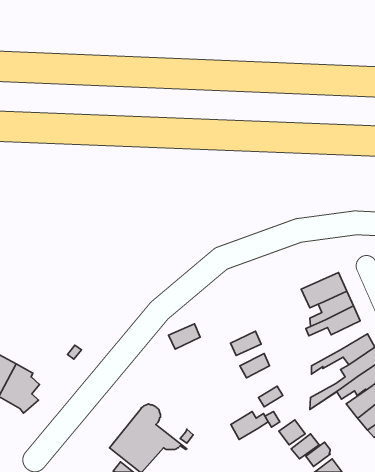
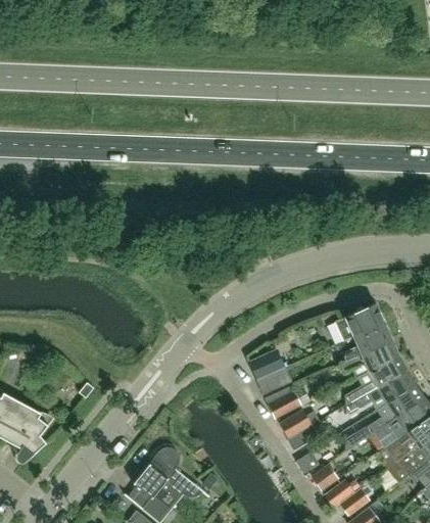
building: none -> [345,355,408,405]
building: [169,324,200,349] -> [250,352,285,380]
building: [231,412,268,440] -> [279,409,320,439]

